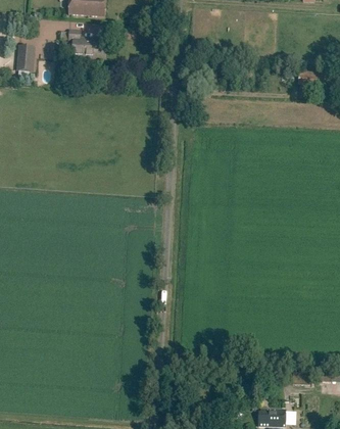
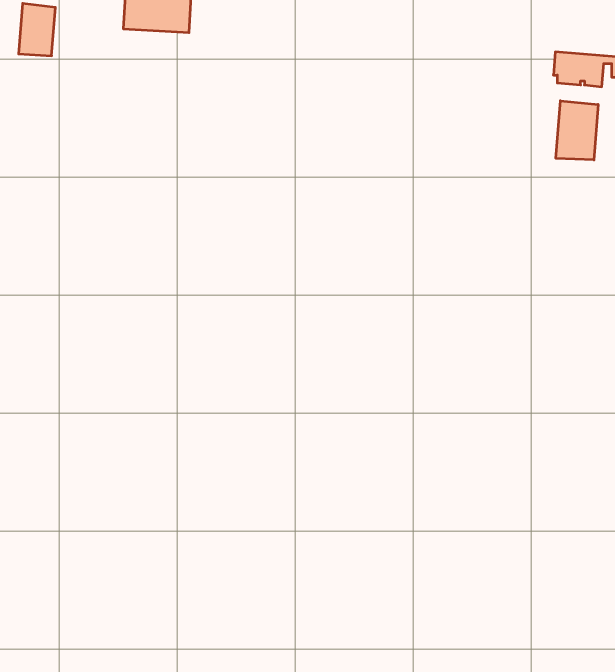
building: none -> [556,101,598,160]

